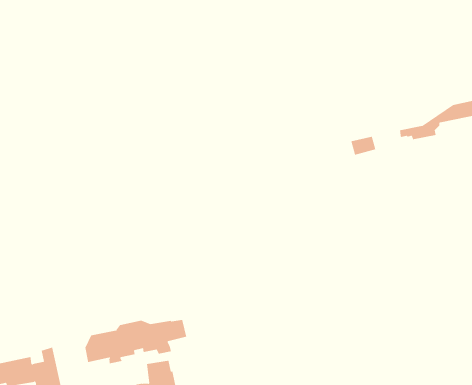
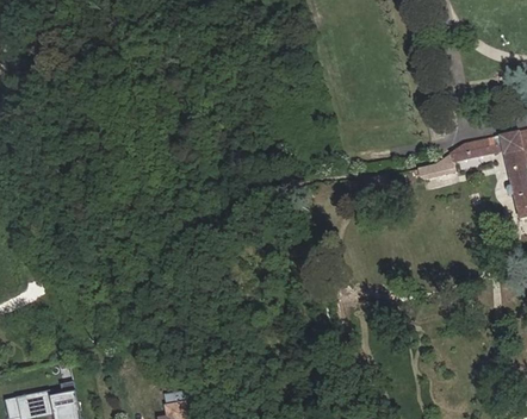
building: [85,319,187,364] -> none

